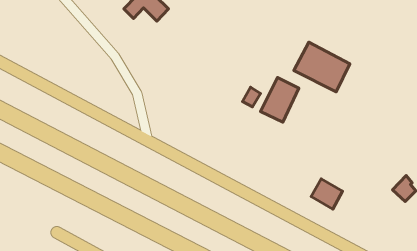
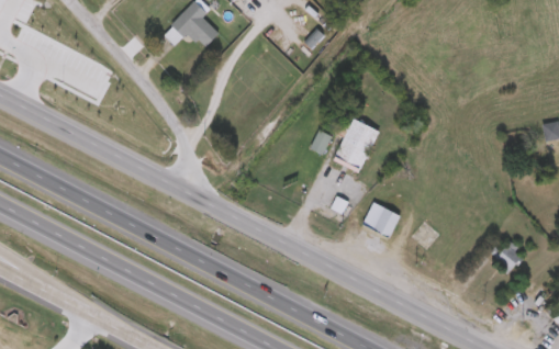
building: [294,42,350,92] -> none
building: [311,179,343,209] -> [362,201,401,238]

